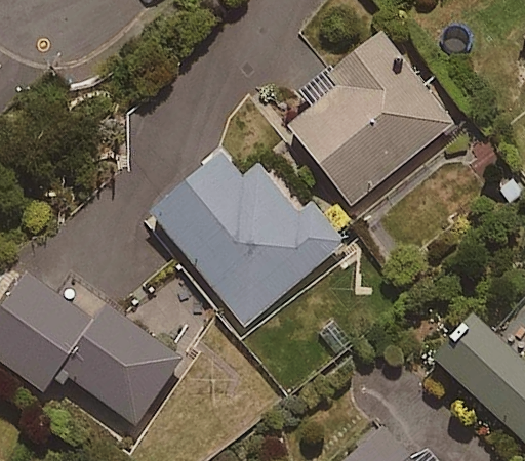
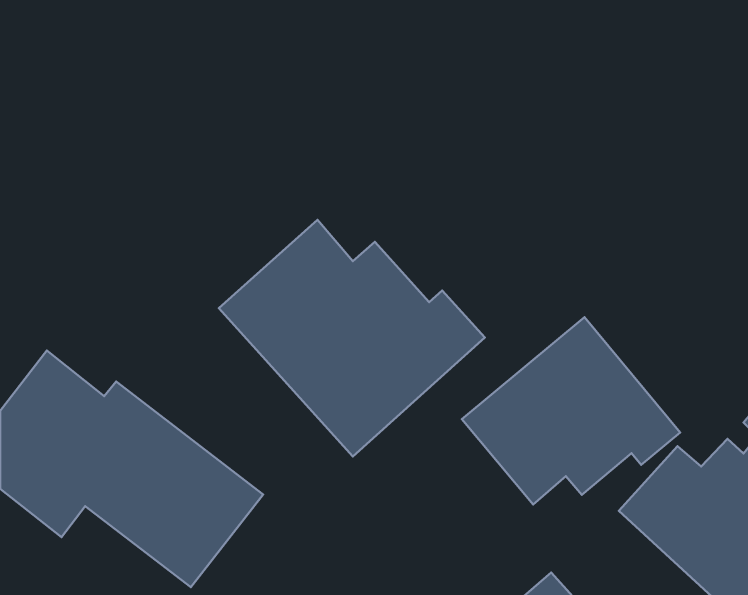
building: [291,41,451,208] -> none
building: none -> [462,317,680,505]

